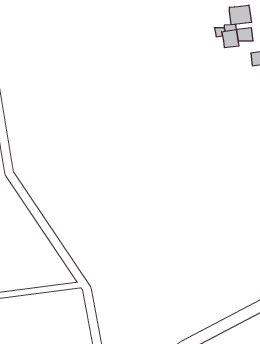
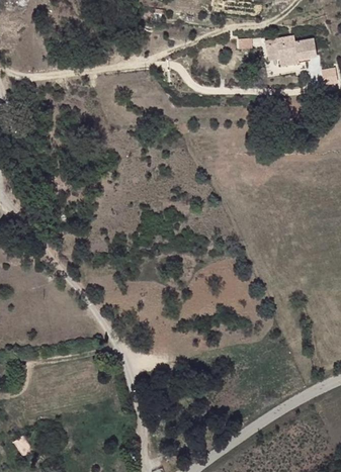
building: [229,5,252,25] -> none

